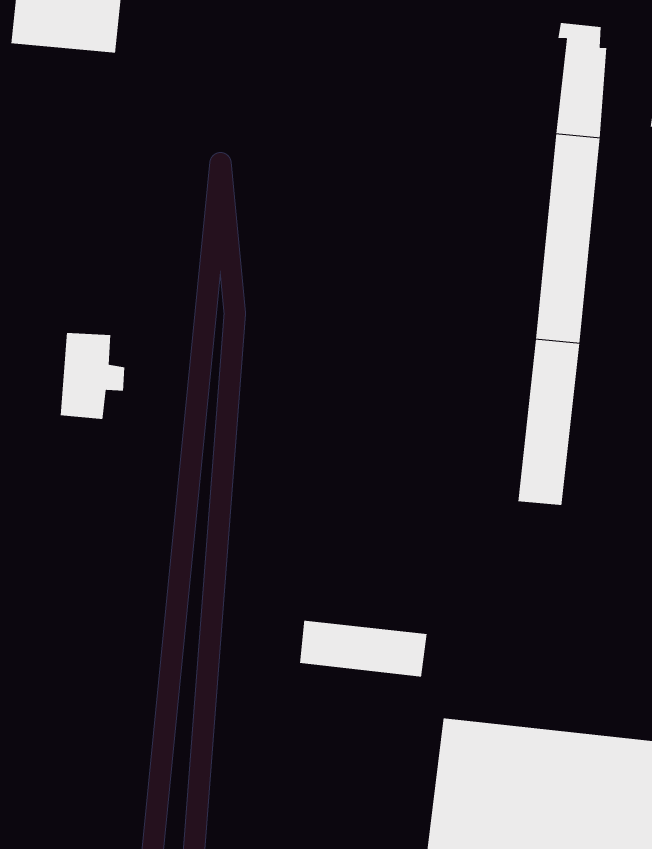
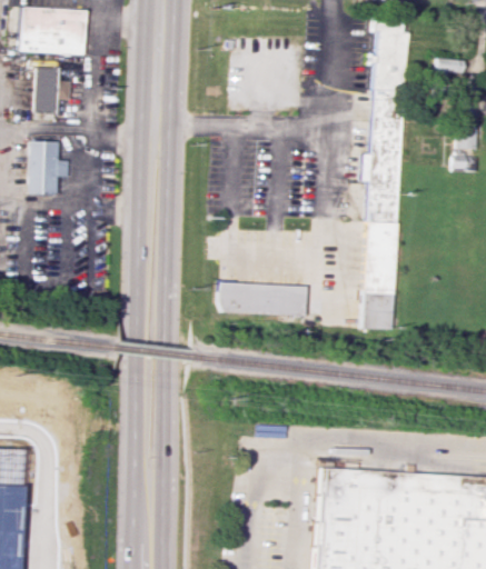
building: none -> [36,68,72,112]
building: [60,332,125,420] -> [30,141,70,196]
building: [299,620,428,677] -> [221,283,302,316]

